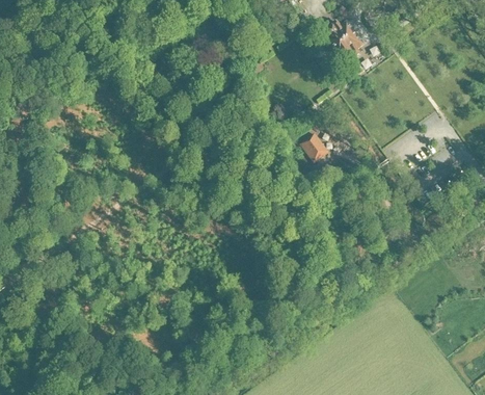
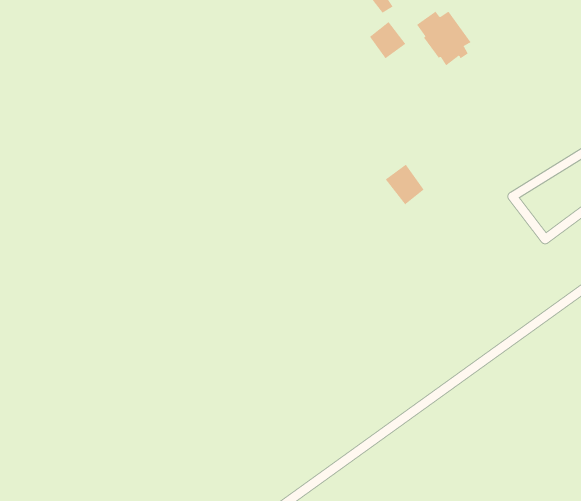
building: none -> [369,21,406,59]

